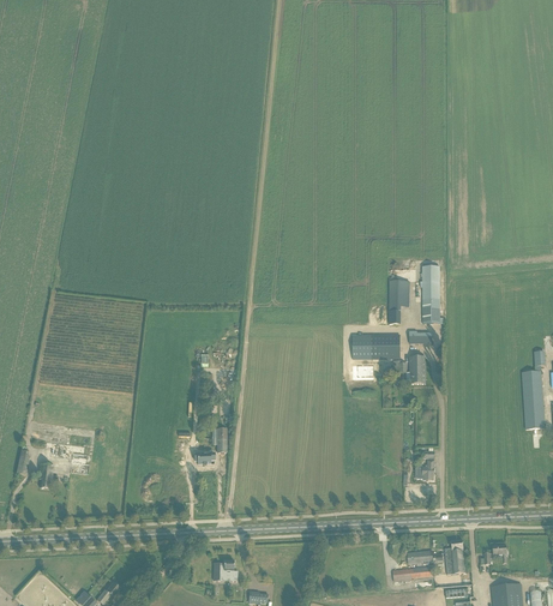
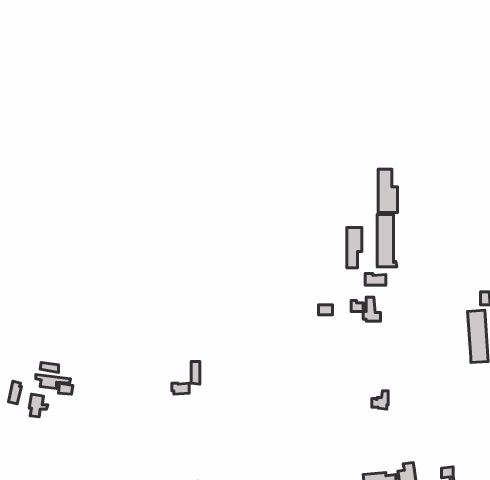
building: none -> [378,169,397,213]
building: [350,334,398,358] -> none

